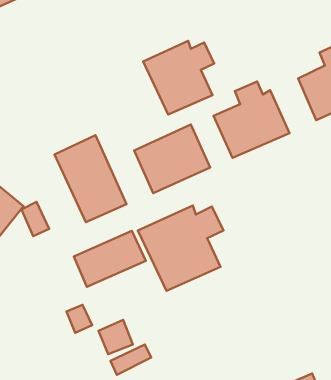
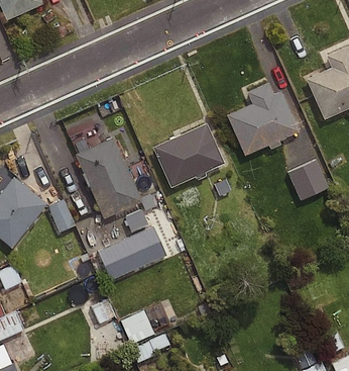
building: [143,41,214,115] -> none
building: none -> [286,154,325,196]
building: [138,206,223,291] -> none

